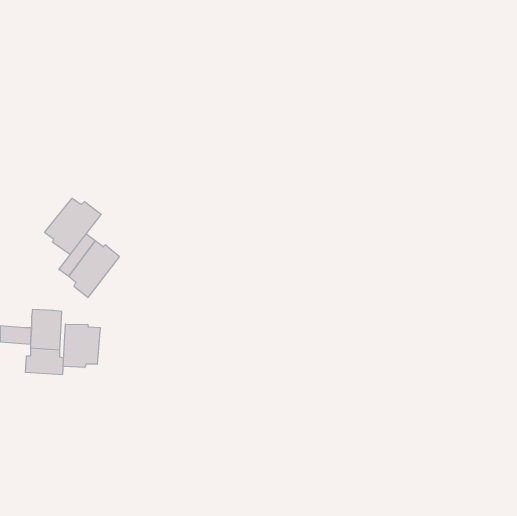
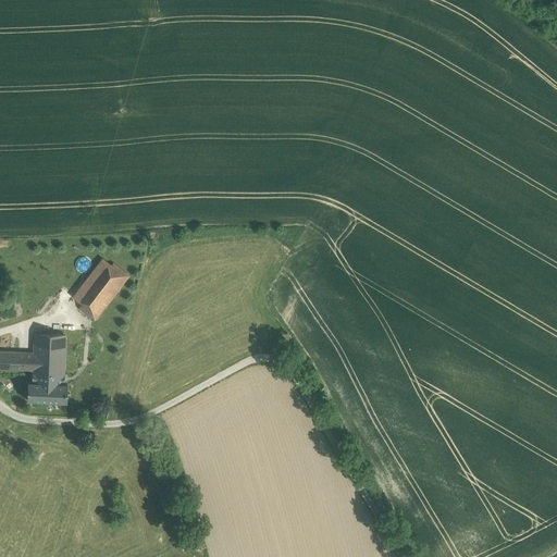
building: [45,198,101,255] -> none
building: [63,324,100,368] -> none

